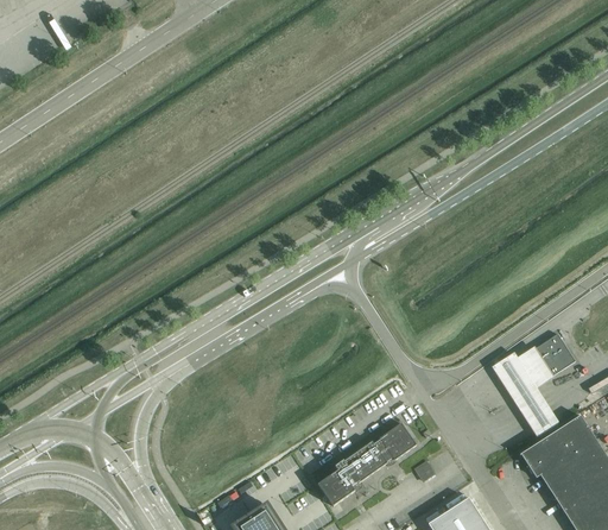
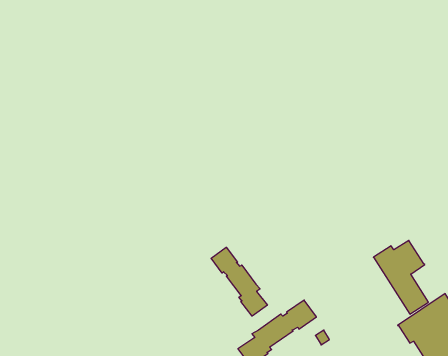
building: [534,333,576,377] -> none
building: none -> [211,247,267,316]

